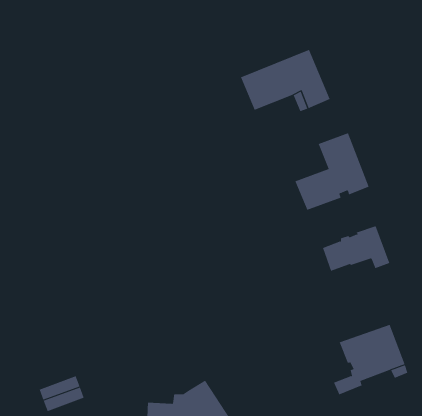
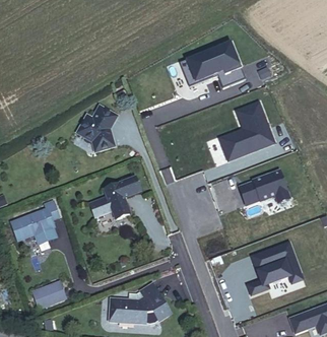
building: none -> [76,106,116,151]
building: none -> [88,177,140,219]
building: none -> [10,200,57,241]

